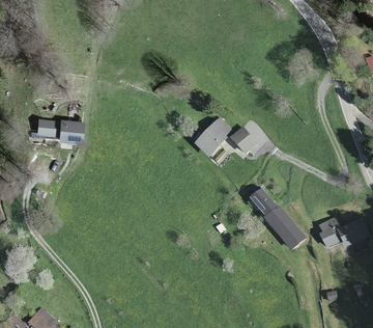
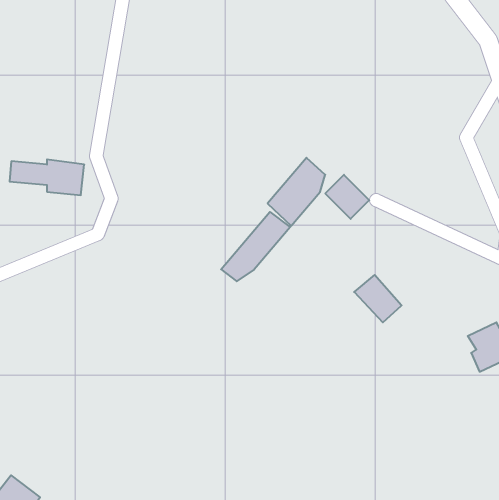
building: none -> [221,212,290,281]
building: [263,207,306,250] -> none

